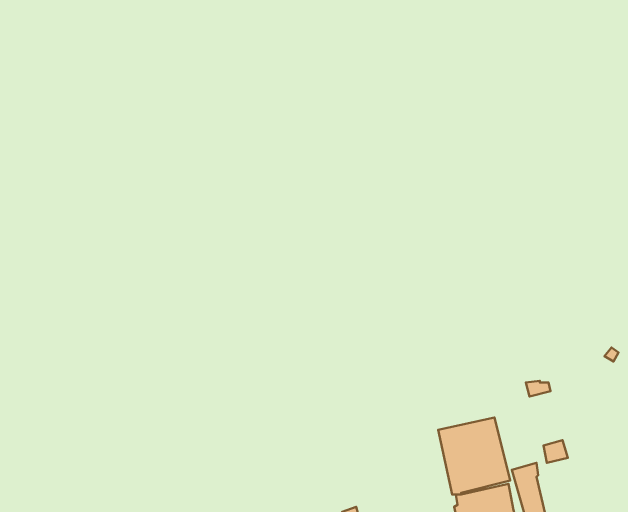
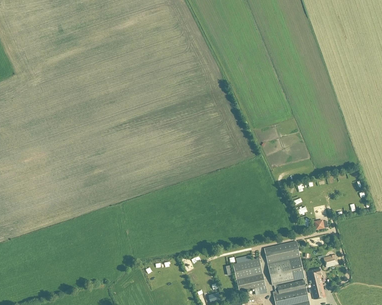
building: none -> [233,258,265,291]

